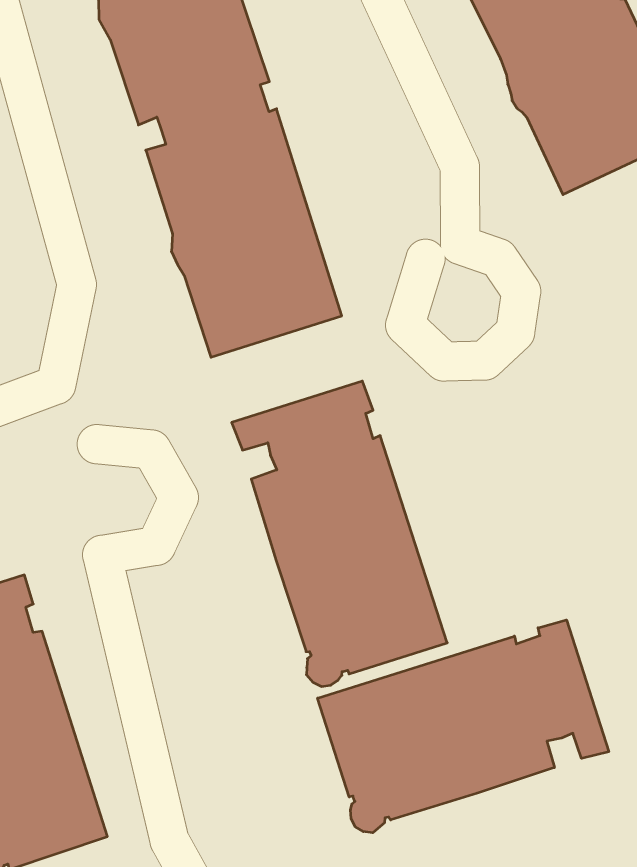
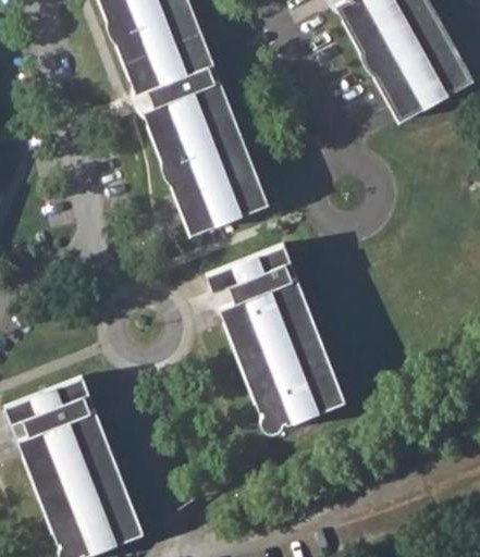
building: [318,620,609,833] -> none

